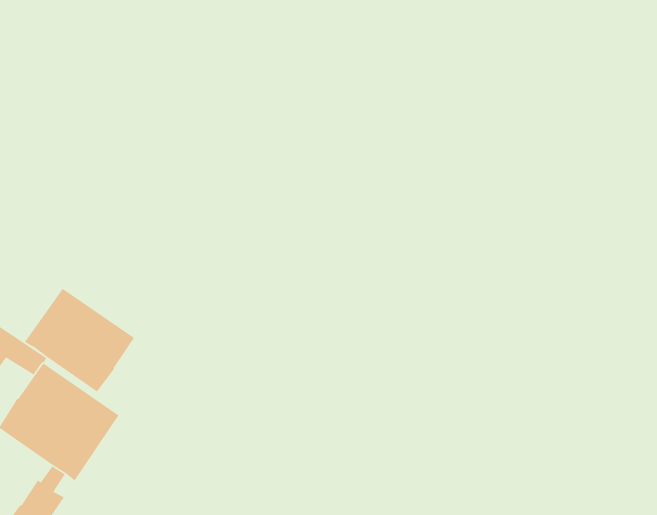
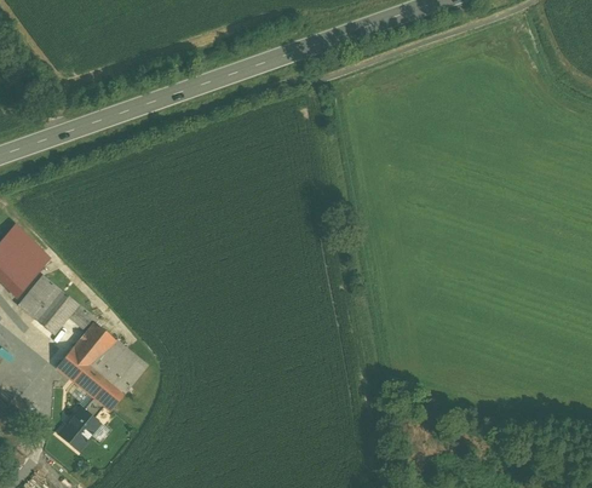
building: [24,288,135,393] -> none

